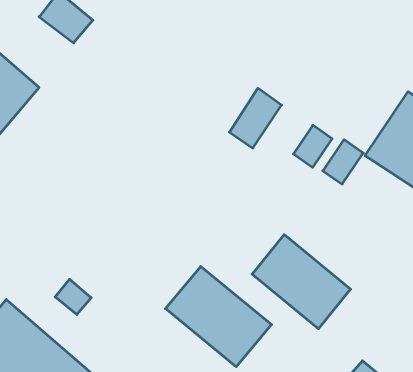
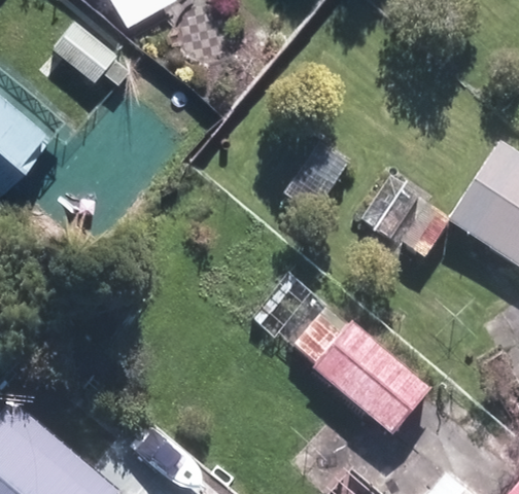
building: [165,266,272,367] -> none

